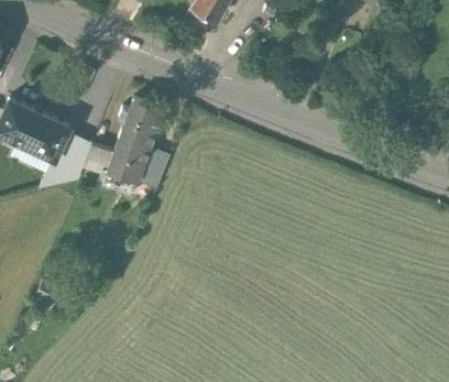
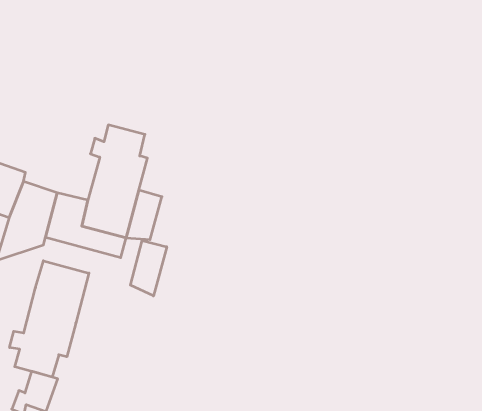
building: none -> [130,240,167,296]
building: none -> [10,261,89,377]

